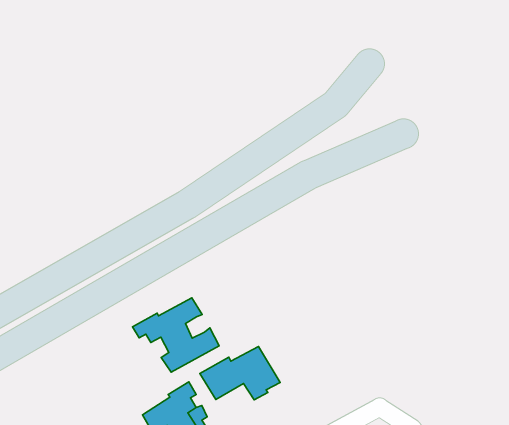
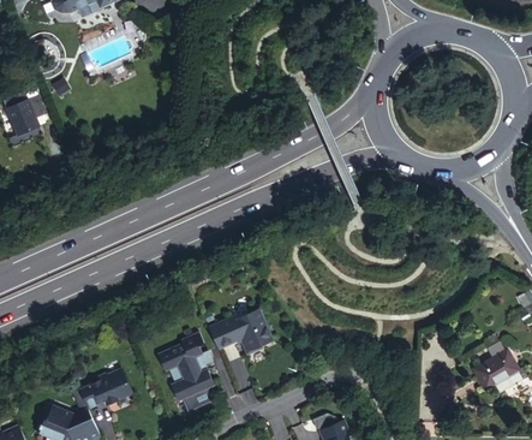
building: [133,298,219,372] -> none

